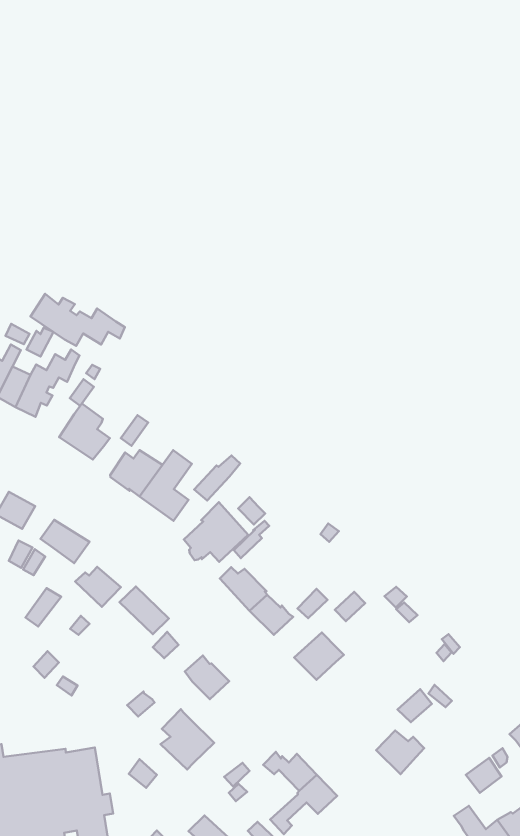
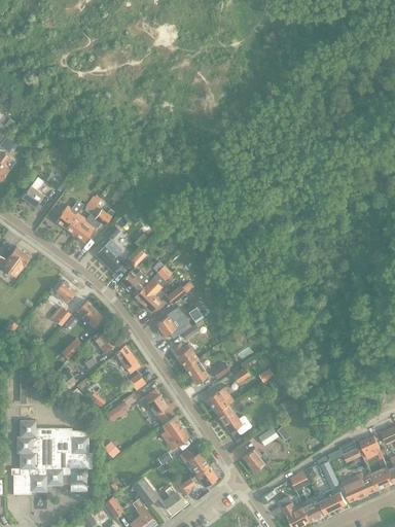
building: [30,294,125,346] -> none
building: none -> [216,405,251,434]
building: [161,709,214,769] -> [159,416,189,450]

